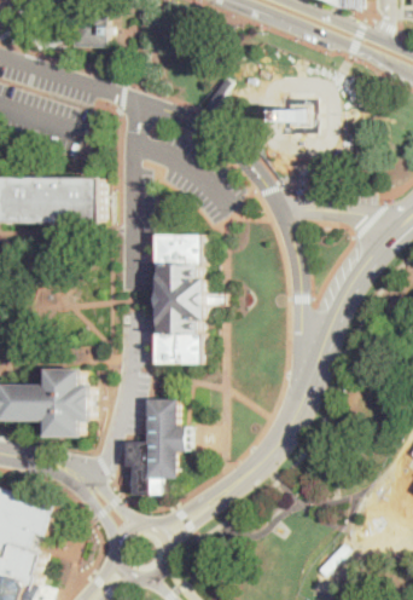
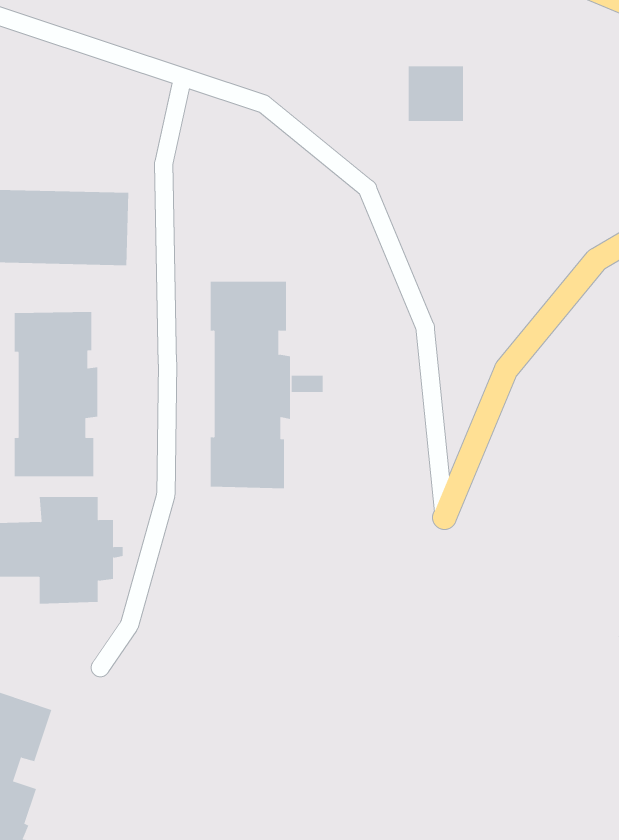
building: none -> [14,311,98,477]
building: [126,399,185,496] -> none

